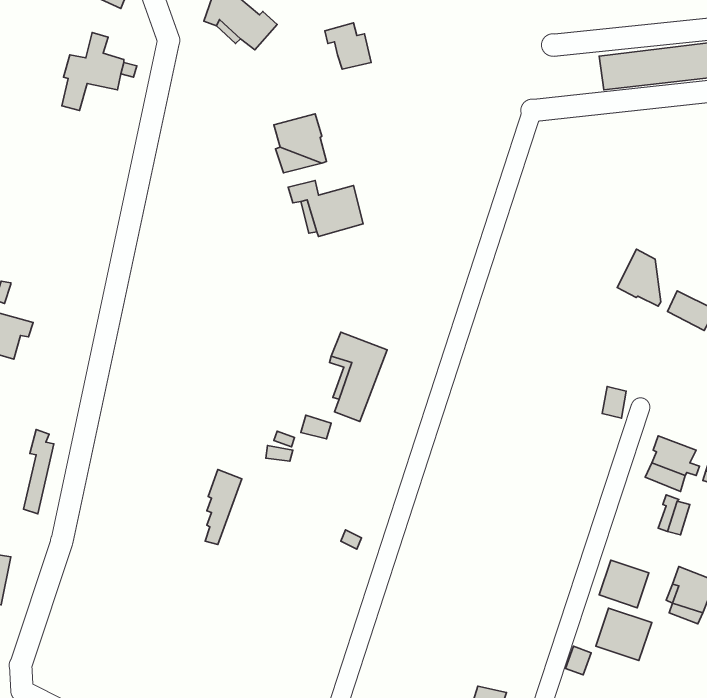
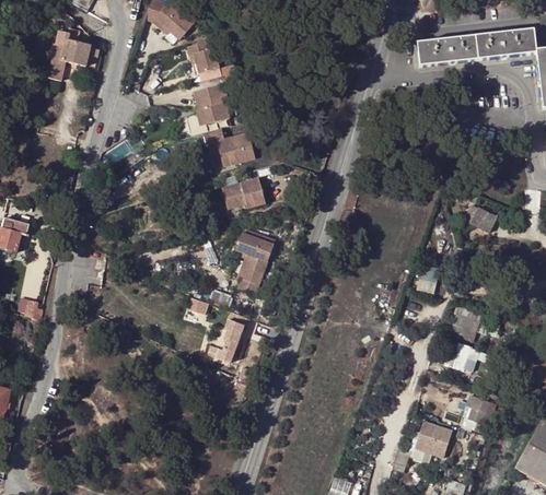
building: [325,23,371,69] -> [187,39,219,71]
building: [617,249,661,306] -> none
building: none -> [224,175,267,207]
building: [205,469,242,544] -> [220,307,245,358]
building: [599,560,649,608] -> none

